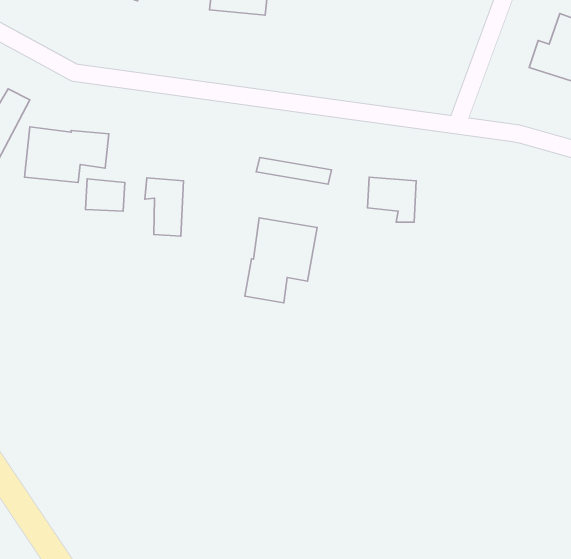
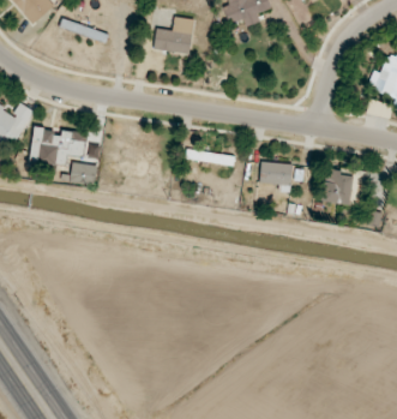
building: [145,178,183,236] -> none
building: none -> [325,168,351,203]
building: [245,218,317,303] -> none

